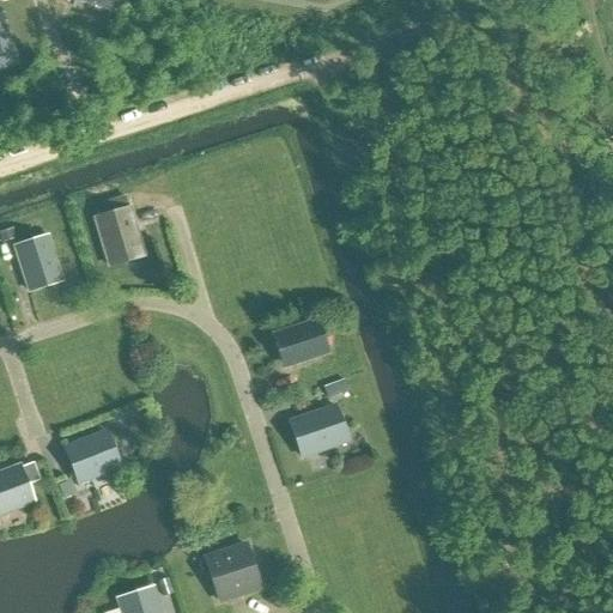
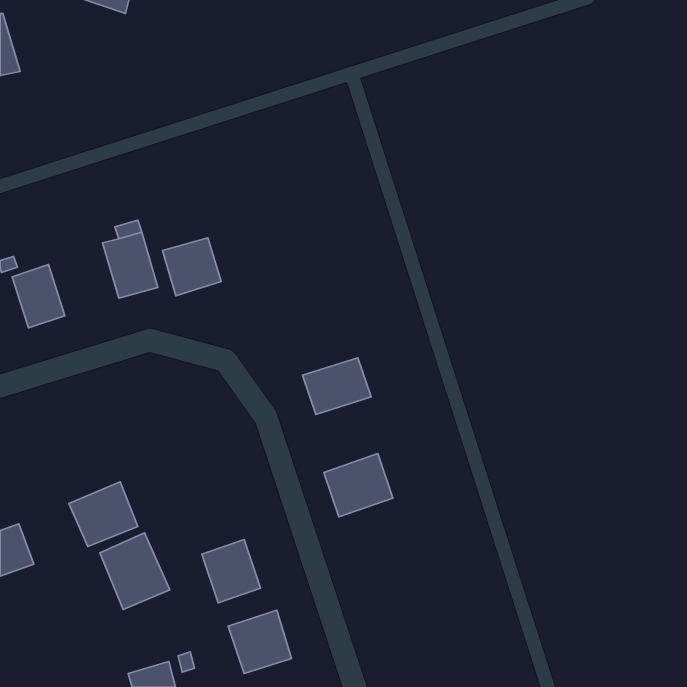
building: none -> [162,238,221,296]
building: none -> [100,533,170,609]
building: none -> [202,539,260,603]

